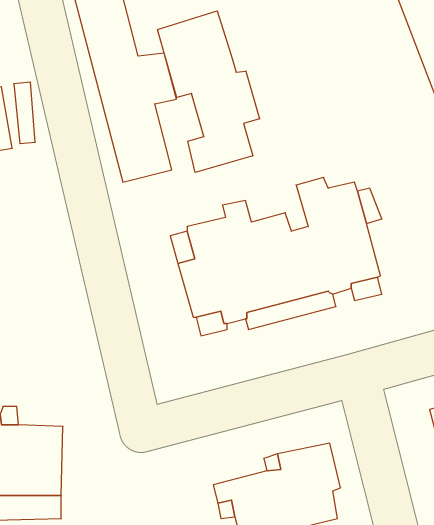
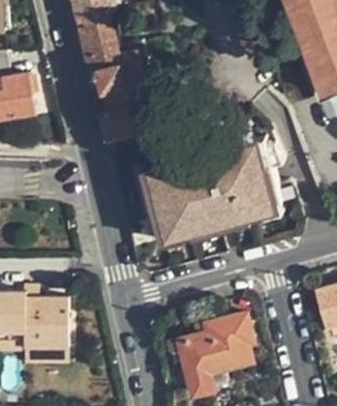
building: [157,11,260,172] -> none

